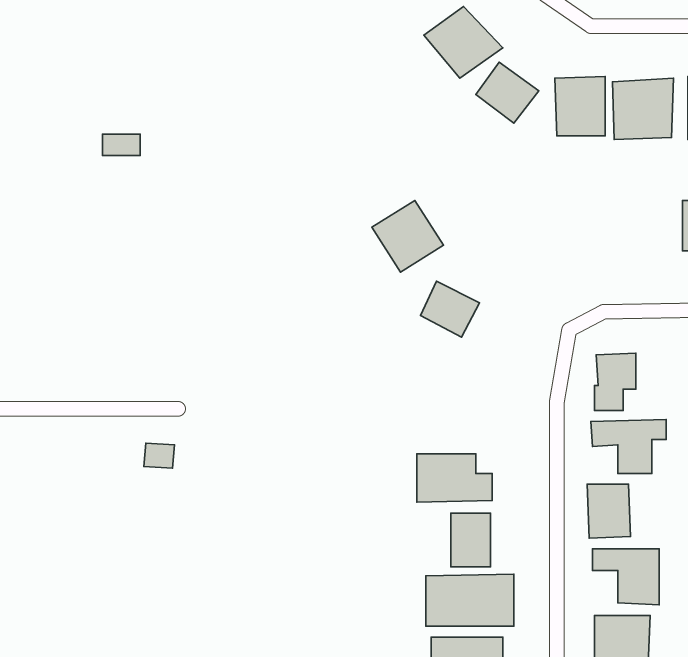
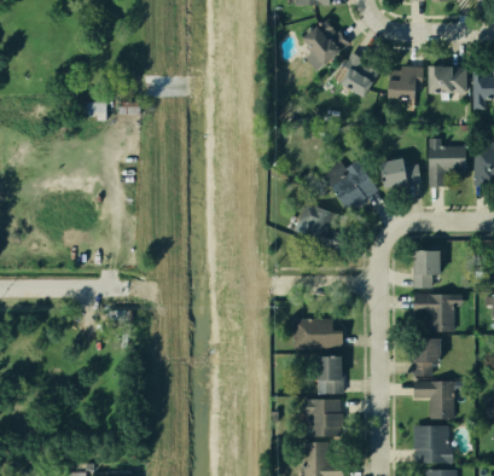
building: none -> [425,143,464,185]
building: [372,200,444,272] -> [325,162,373,210]
building: none -> [374,156,420,190]

